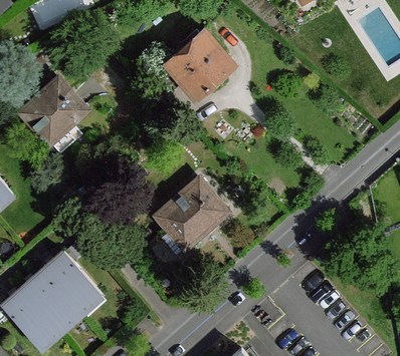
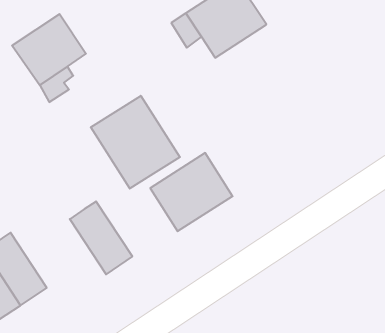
building: none -> [91,96,180,189]
building: [43,250,101,310] -> [70,201,132,274]

